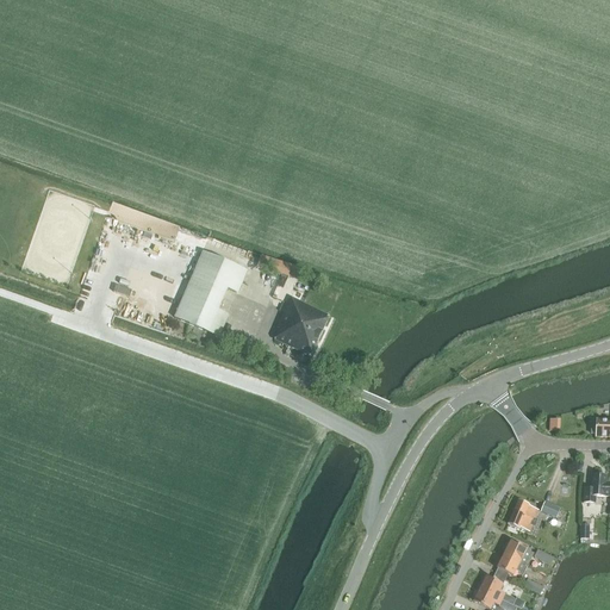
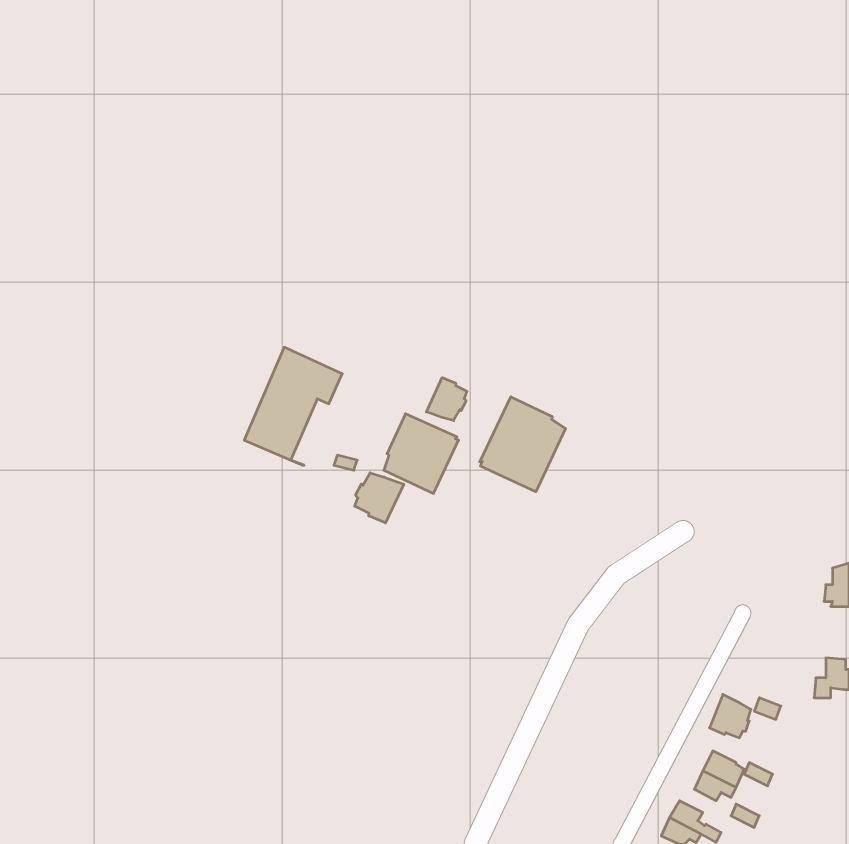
building: none -> [426,378,467,421]
building: none -> [480,397,565,492]
building: none -> [355,473,404,523]

